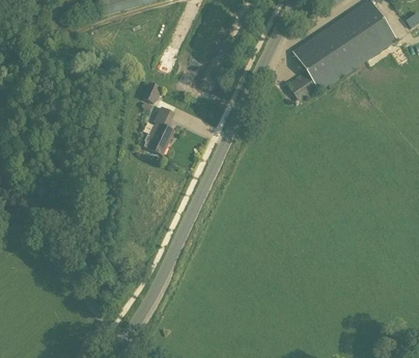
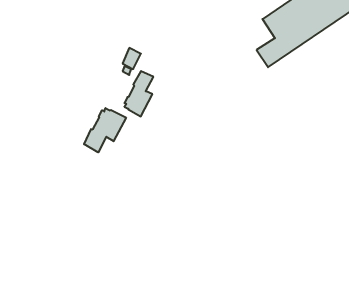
building: none -> [84,108,126,152]

